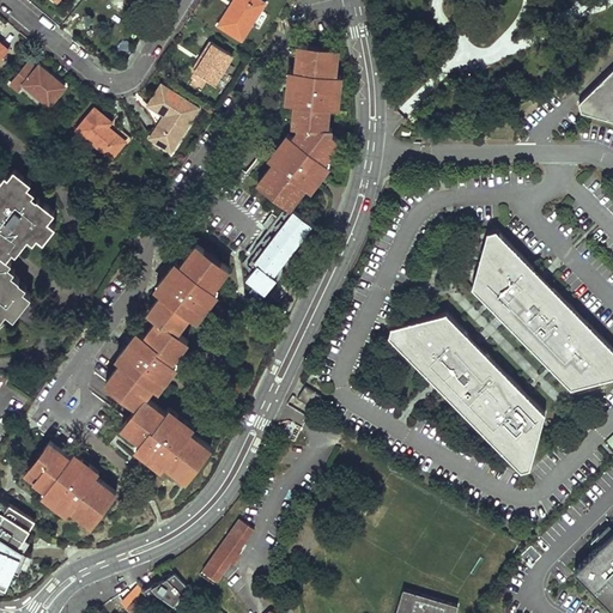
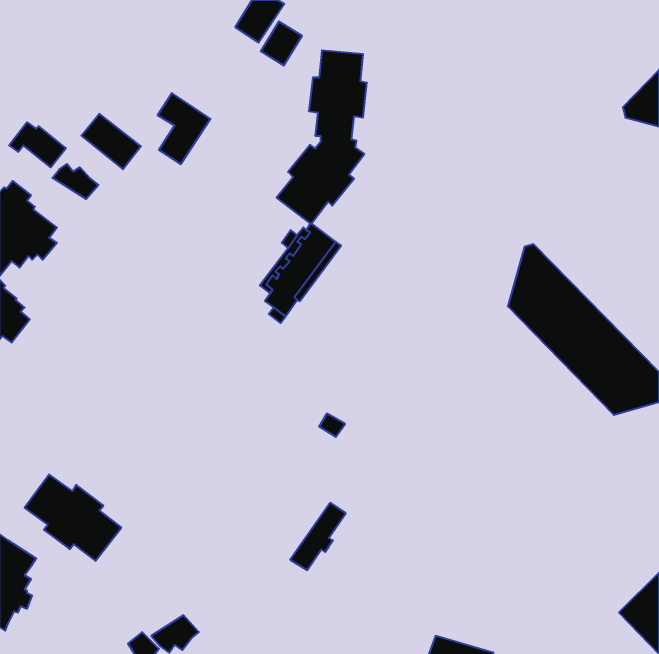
building: [192,48,230,89] -> [261,22,302,65]
building: [10,68,62,110] -> [9,122,66,167]
building: none -> [52,164,98,199]
building: [104,249,226,482] -> none
building: [387,315,544,473] -> none
building: [201,524,253,587] -> [290,503,346,570]

